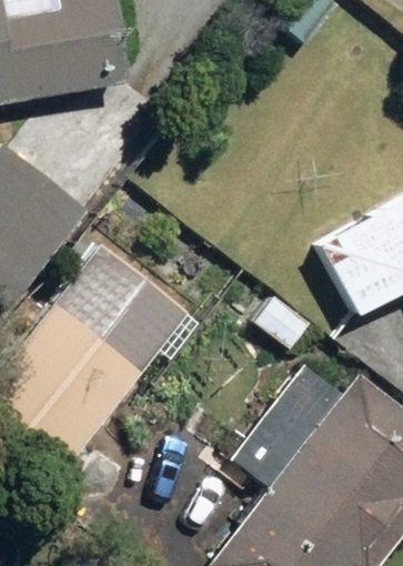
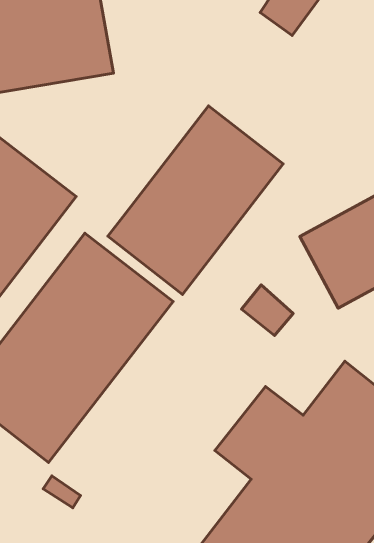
building: none -> [108,106,283,294]

